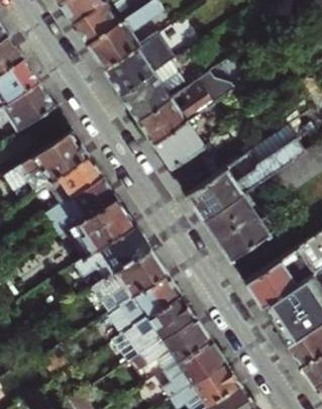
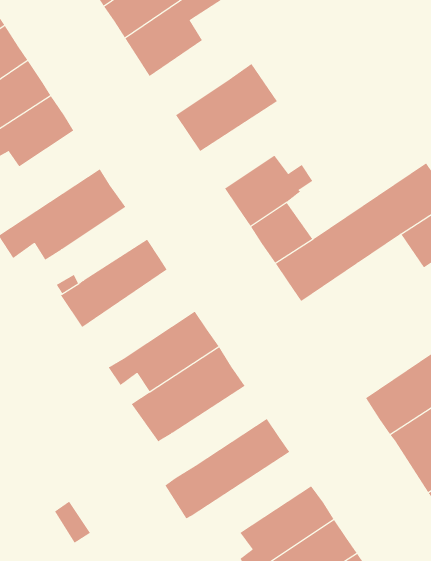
building: [104,34,169,96] -> none
building: [137,72,236,144] -> none
building: [46,157,103,205] -> none
building: [204,194,276,261] -> none
building: [69,198,134,257] -> none
building: [111,275,182,335] -> none
building: [132,318,211,372] -> none

